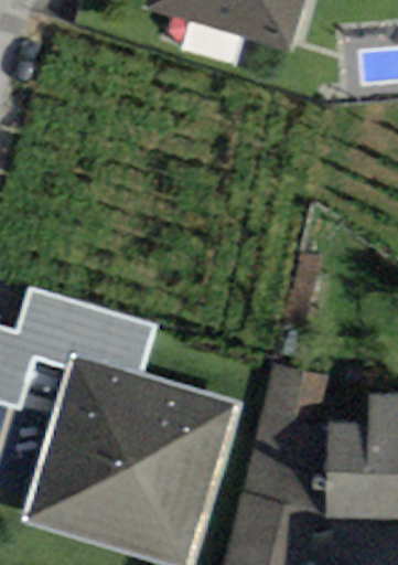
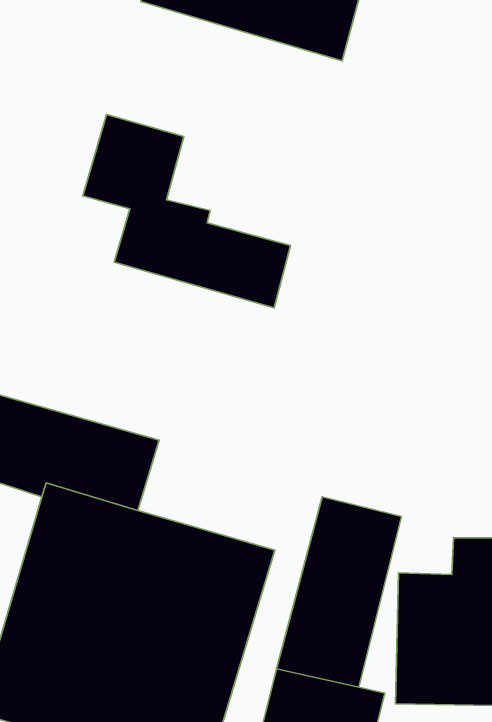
building: none -> [83,114,291,308]

